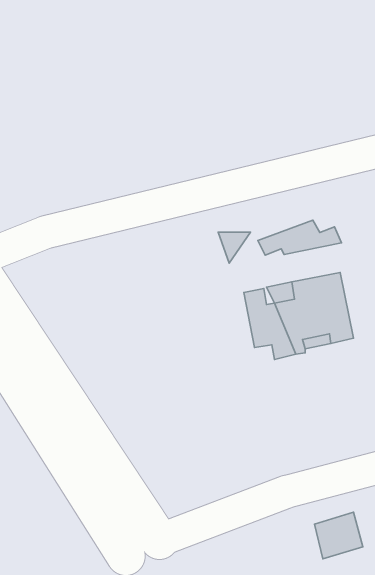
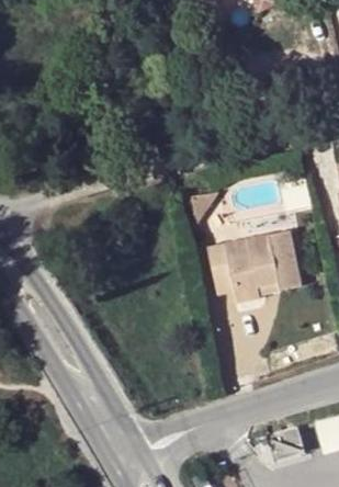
building: [258,220,341,255] -> none

